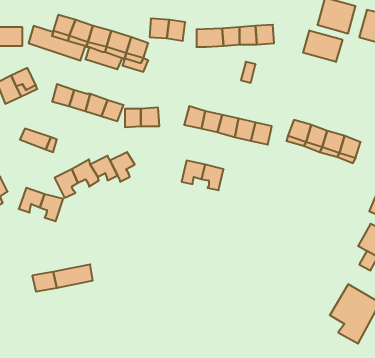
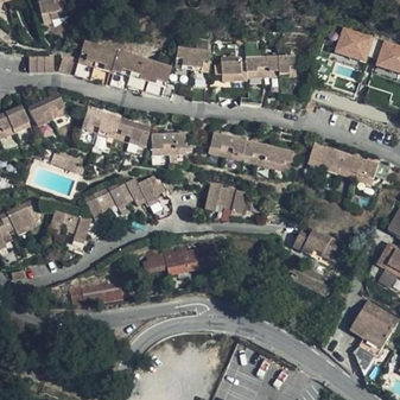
building: [303,30,342,62] -> none
building: none -> [291,228,338,262]
building: none -> [141,243,218,278]

